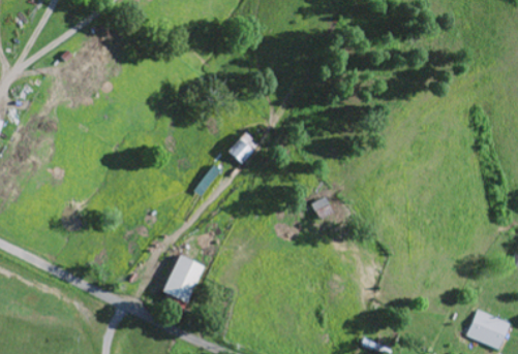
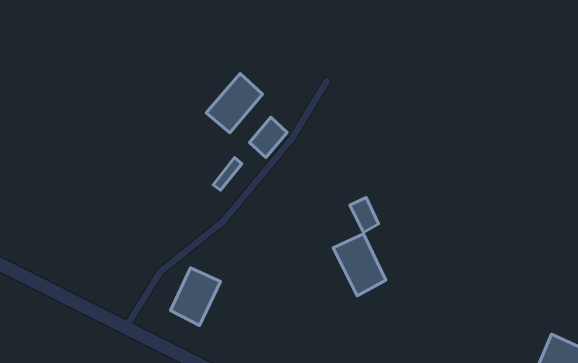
building: none -> [206,73,262,133]
building: none -> [333,234,386,296]

